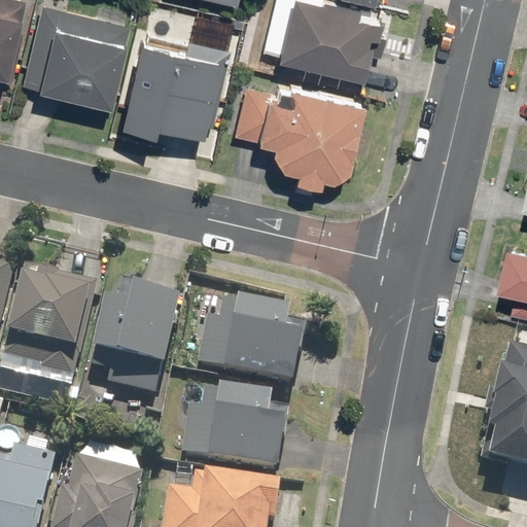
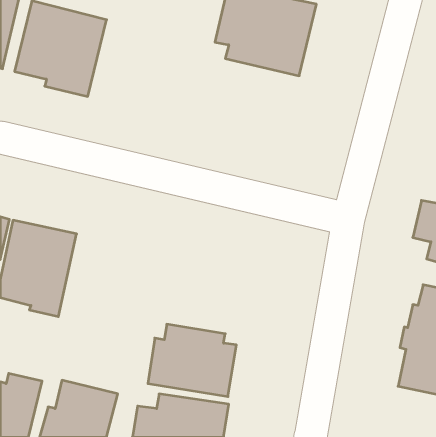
building: [117,38,232,139] -> none
building: [234,82,362,186] -> none
building: [86,286,177,395] -> none
building: [197,297,306,388] -> none

